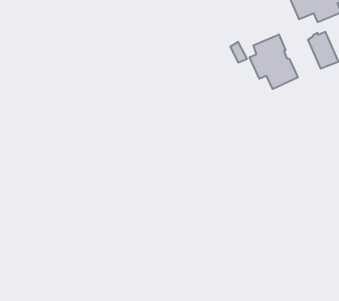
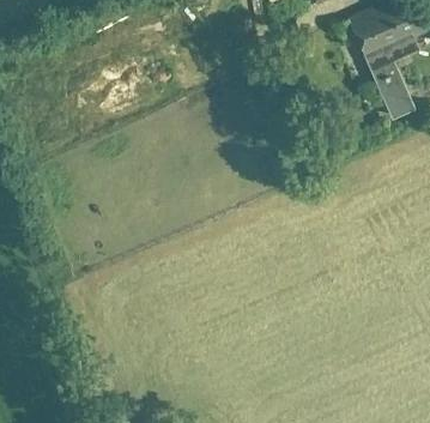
building: [250,34,298,89] -> none

